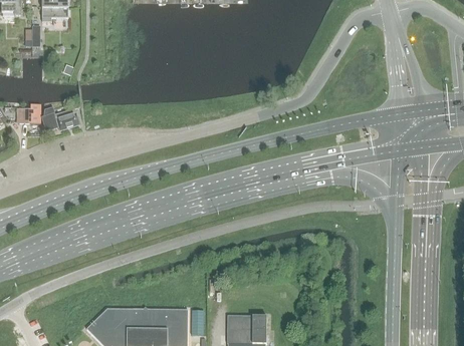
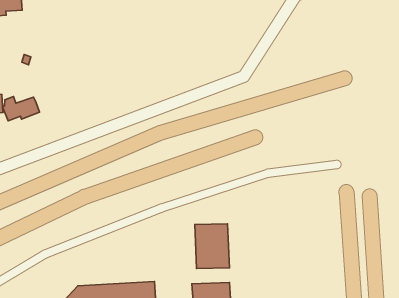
building: none -> [195,224,229,269]

